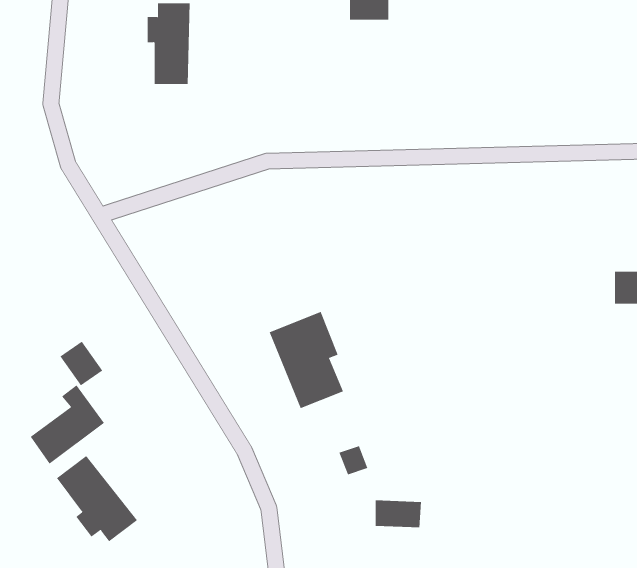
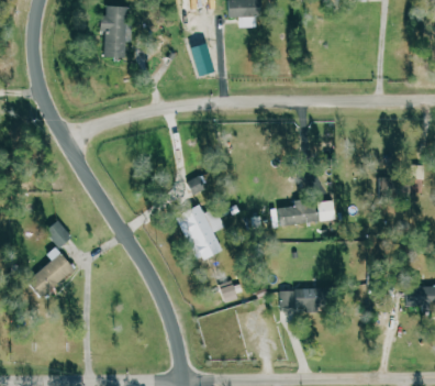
building: none -> [278,201,335,227]
building: [56,455,138,542] -> none
building: [375,500,422,528] -> [281,290,311,308]

